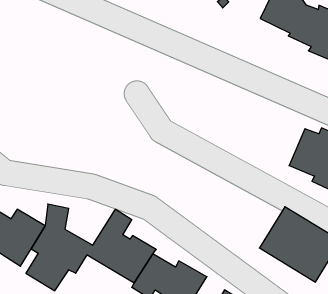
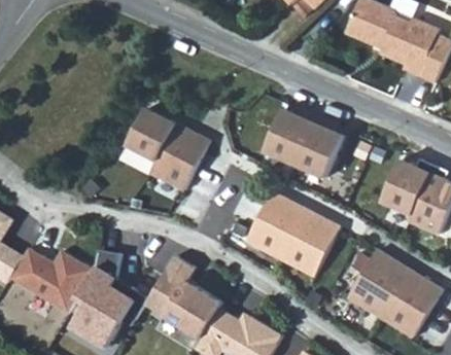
building: none -> [264,107,342,175]
building: none -> [126,109,207,191]
building: none -> [244,191,338,276]

